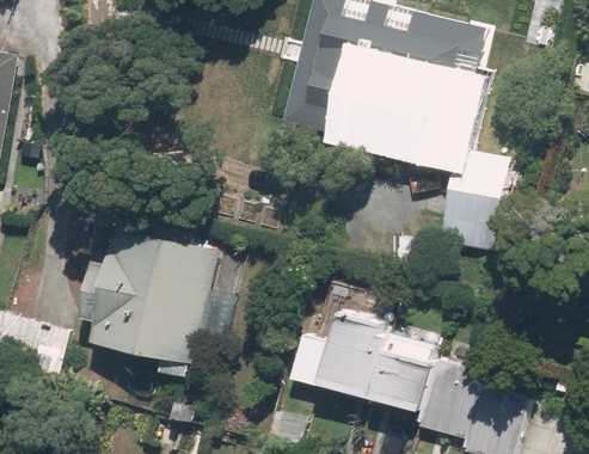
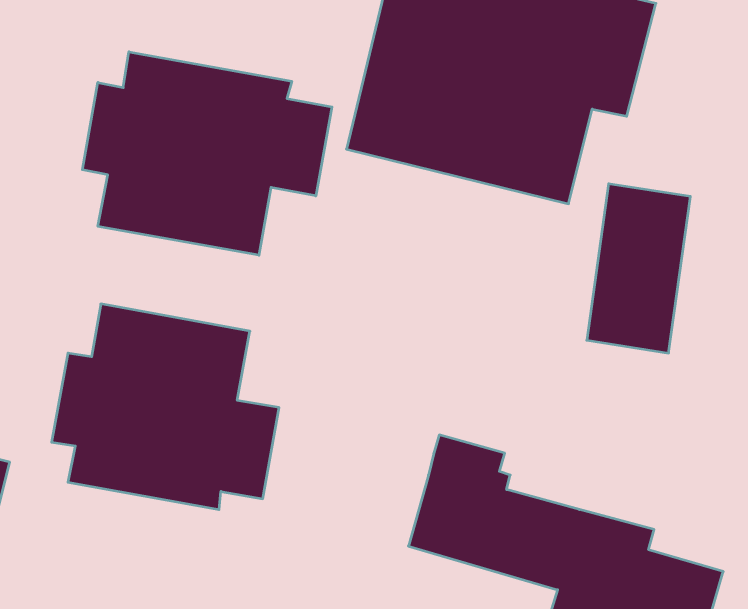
building: none -> [82,52,332,255]

